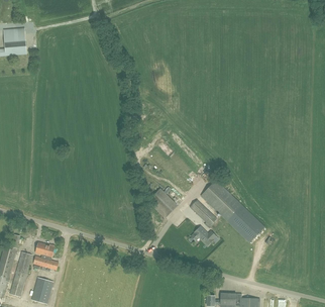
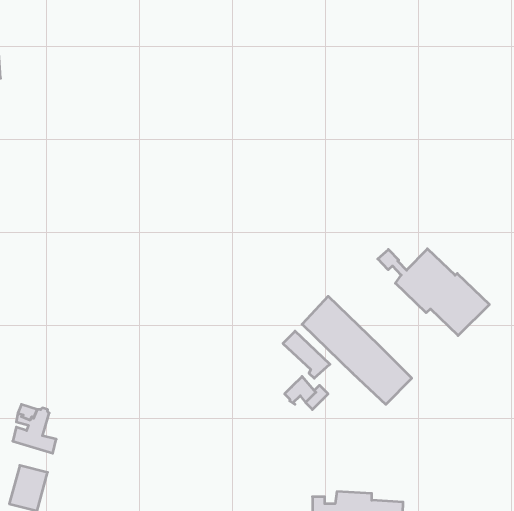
building: none -> [378,249,489,336]
building: [147,187,178,218] -> none

